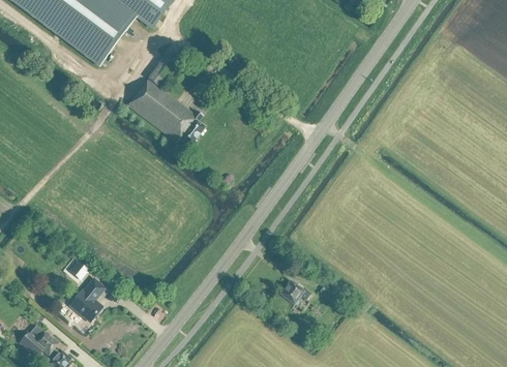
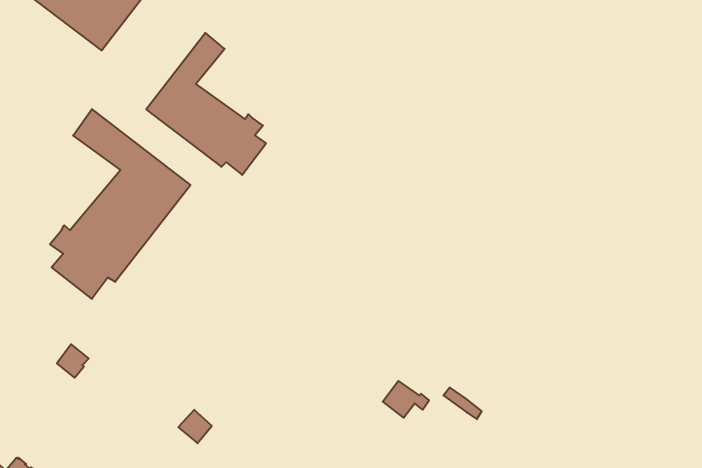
building: none -> [50,109,190,299]
building: [70,277,105,319] -> none

